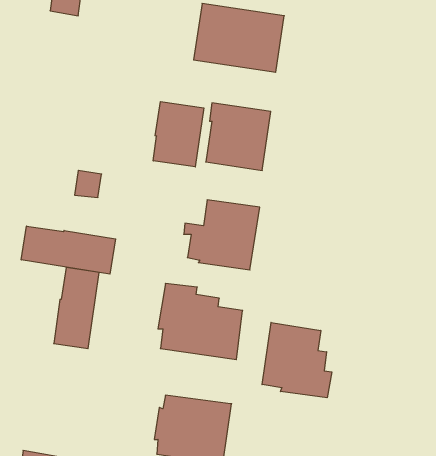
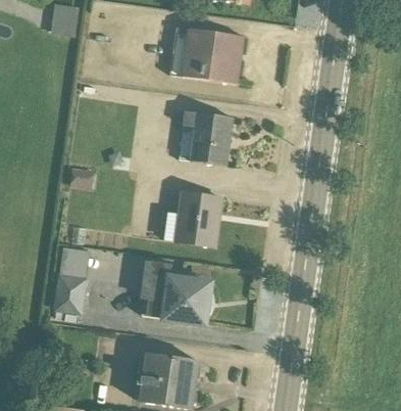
building: [153,102,204,167] -> none
building: [21,226,116,274] -> none
building: [262,322,332,398] -> none

